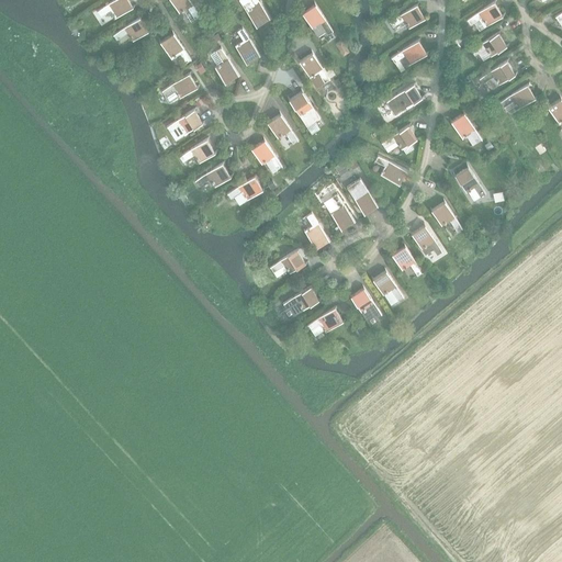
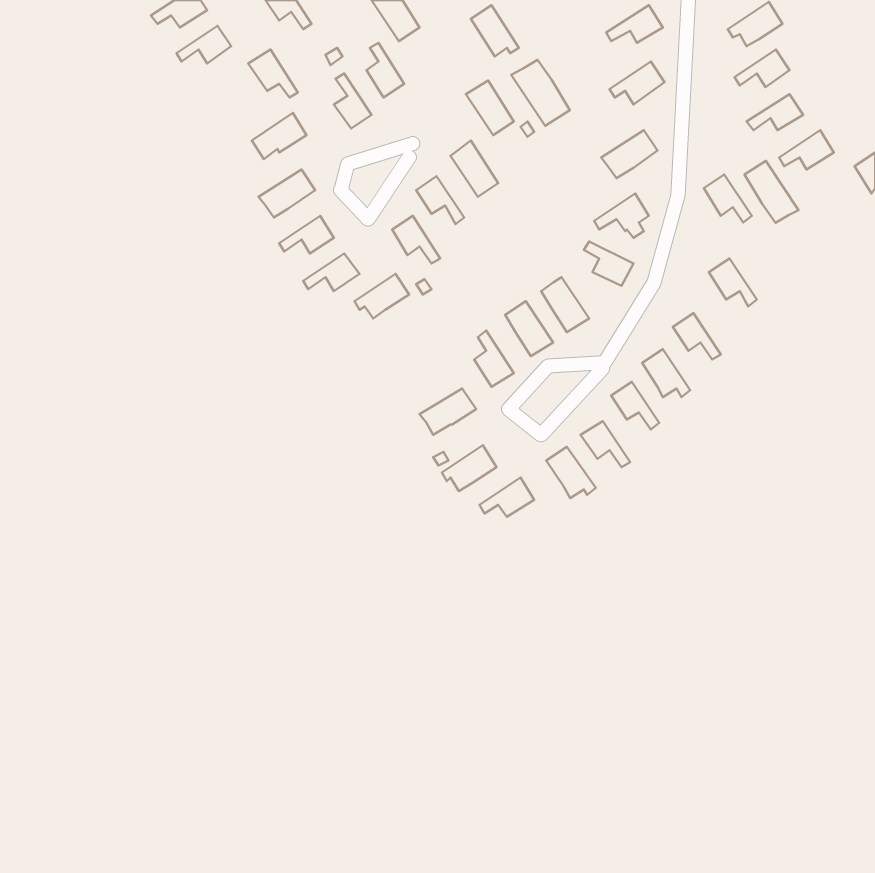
building: none -> [511,60,570,126]
building: none -> [744,161,799,223]

